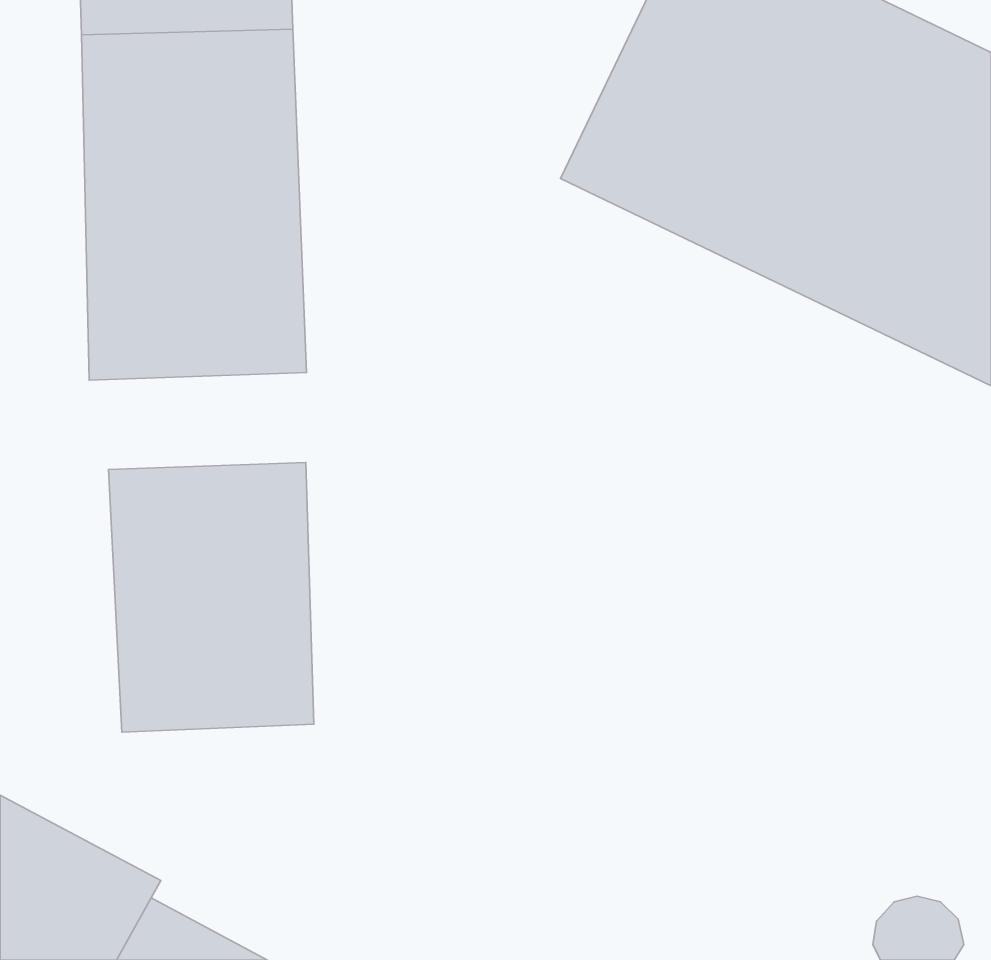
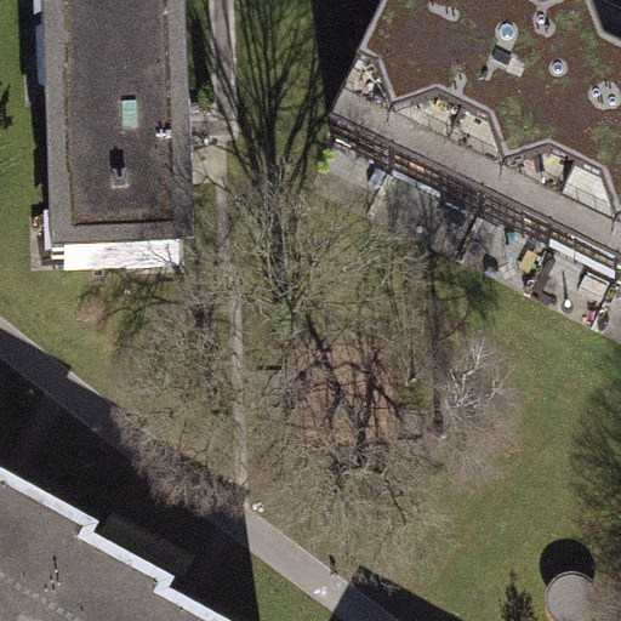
building: [108,463,314,732] -> none

